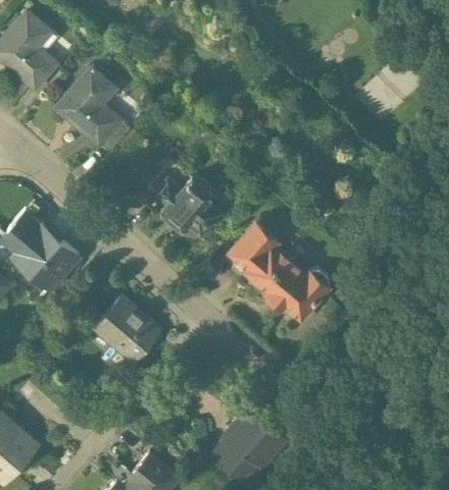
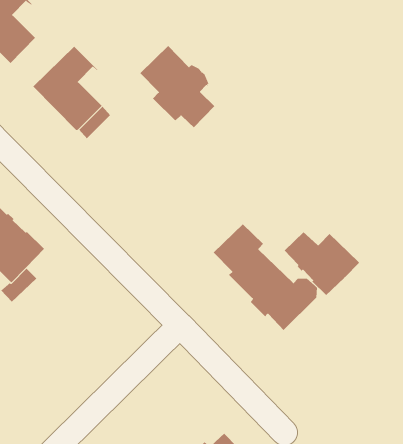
building: [148,161,219,235] -> [139,45,215,128]
building: none -> [284,231,360,296]
building: [94,295,160,361] -> none

